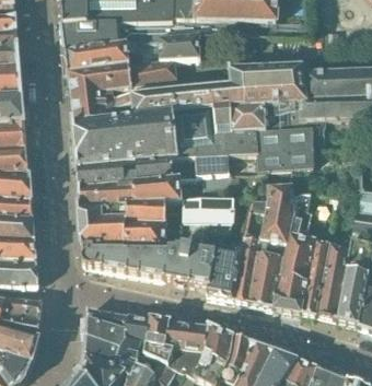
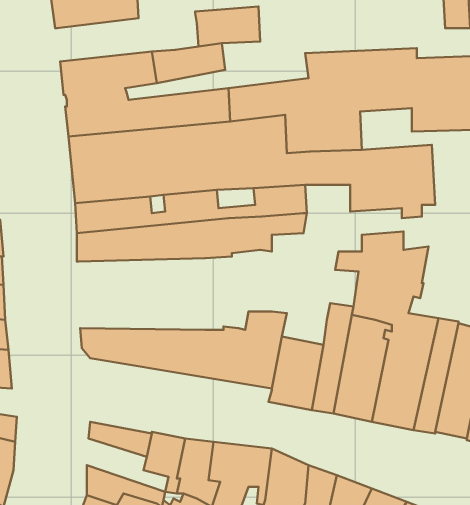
building: [67,38,142,70] -> none
building: [80,194,233,246] -> none
building: [86,317,140,352] -> none

